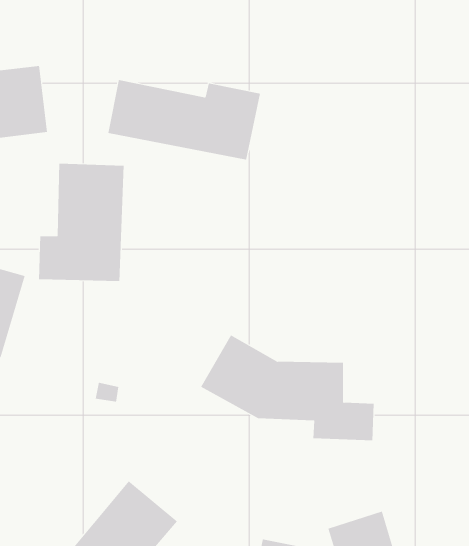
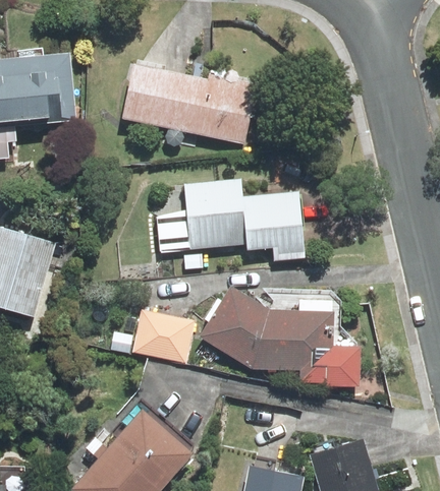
building: [39,163,124,282] -> none
building: none -> [185,183,299,250]
building: none -> [139,312,195,358]

